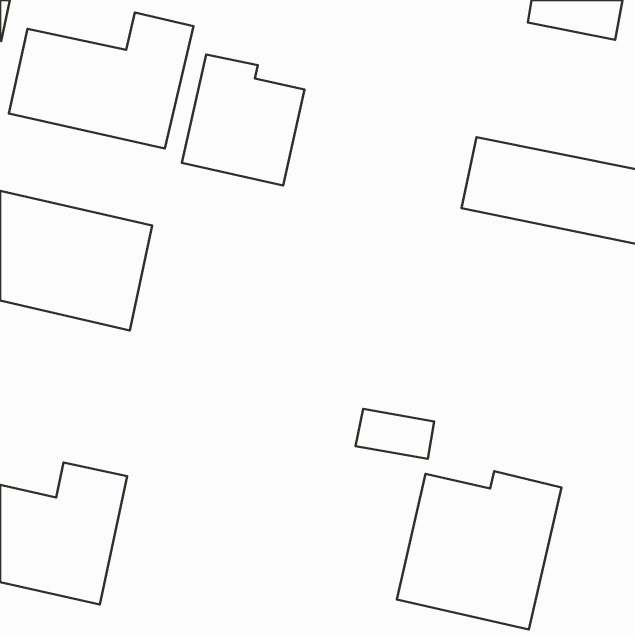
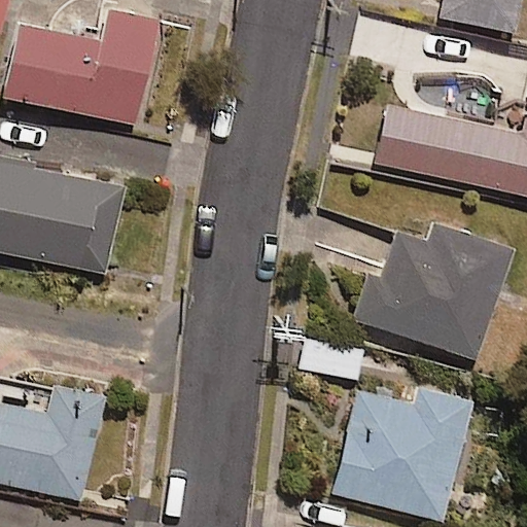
building: [182,54,305,186] -> none
building: none -> [344,223,507,358]

